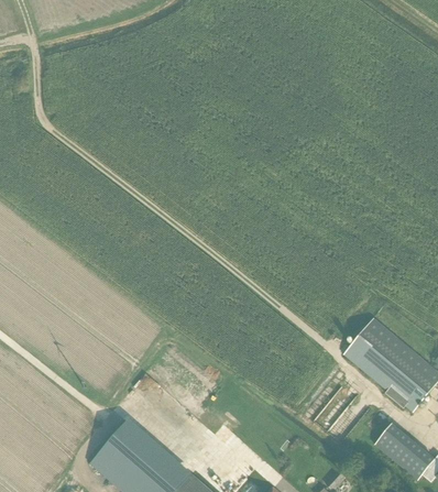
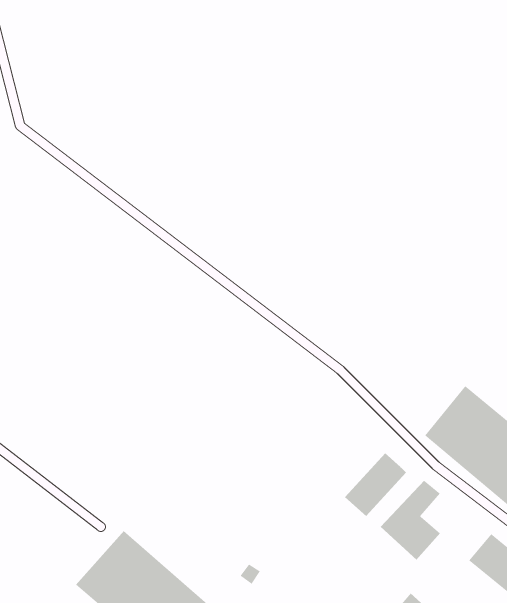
building: none -> [344,453,407,517]

